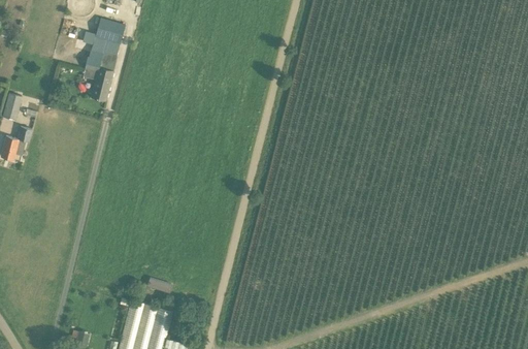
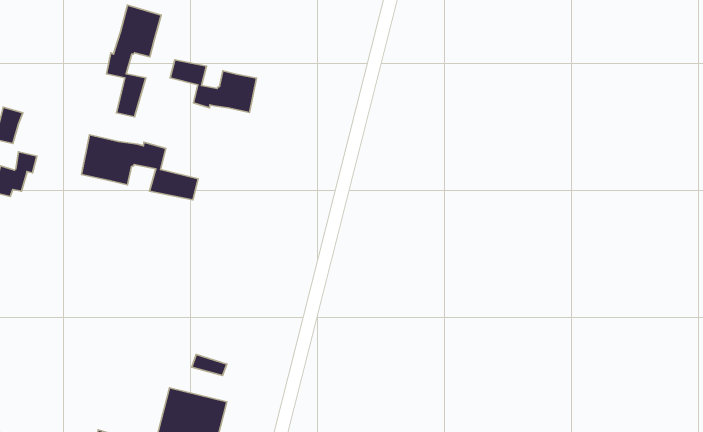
building: none -> [170,60,256,112]
building: none -> [82,135,198,200]

